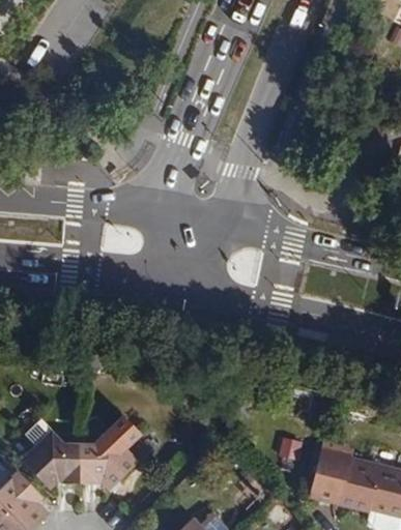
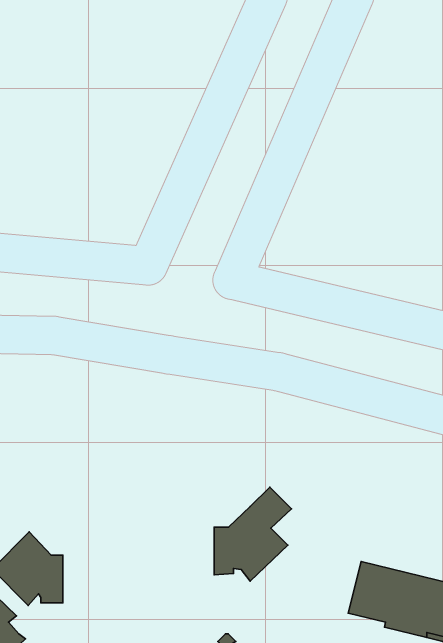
building: [78,414,140,490] -> [214,487,292,581]

